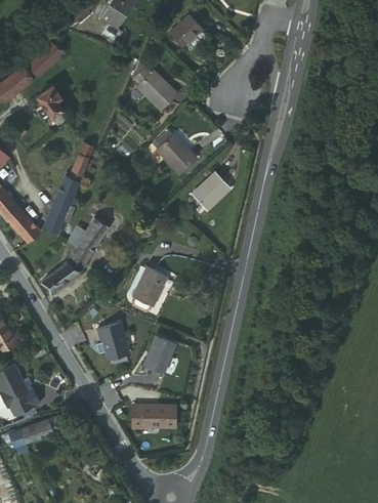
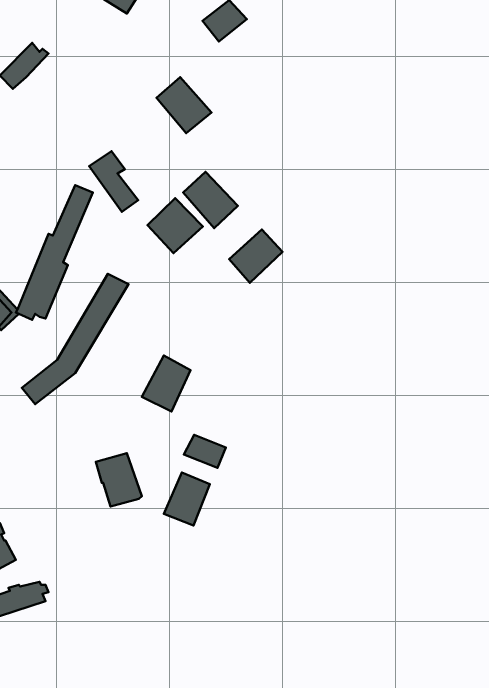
building: [36,86,70,128] -> [89,151,138,212]
building: none -> [147,198,203,253]
building: none -> [184,435,226,468]
building: [131,412,176,435] -> none

